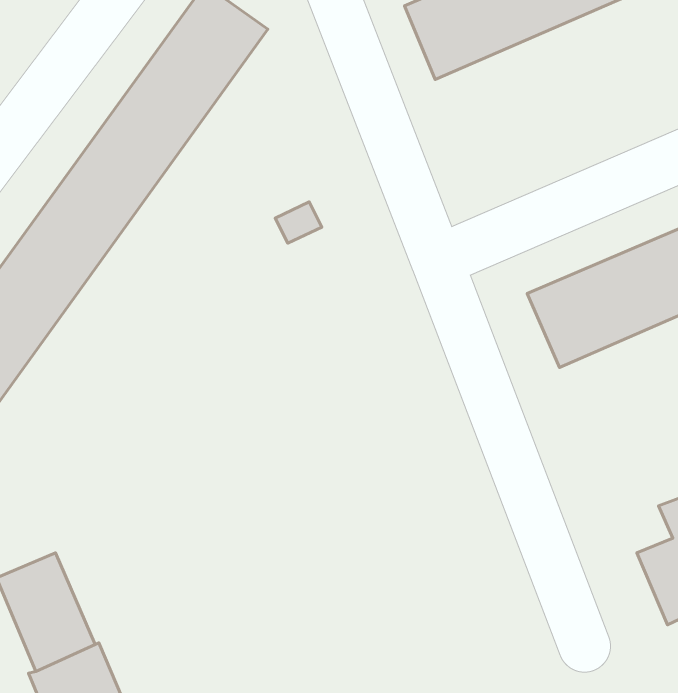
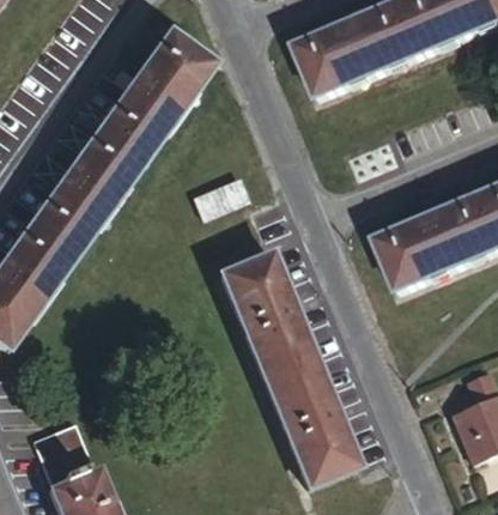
building: none -> [224,252,359,481]

